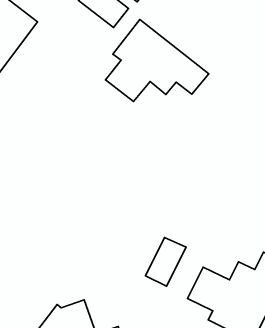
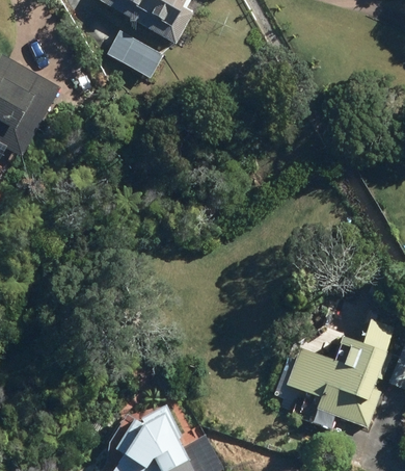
building: [106,20,209,102] -> none
building: [146,237,186,286] -> none

